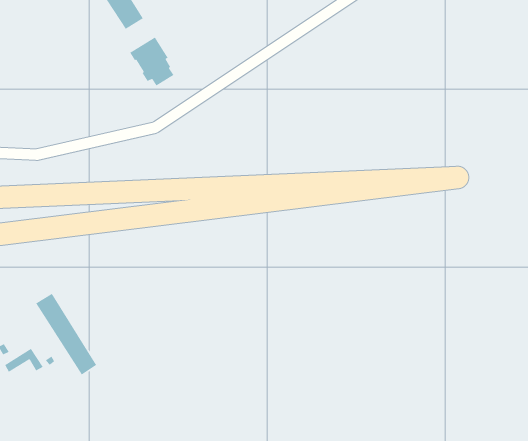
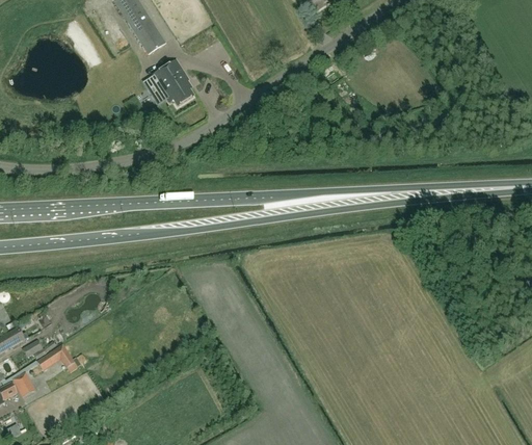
building: [35,293,97,375] -> none

